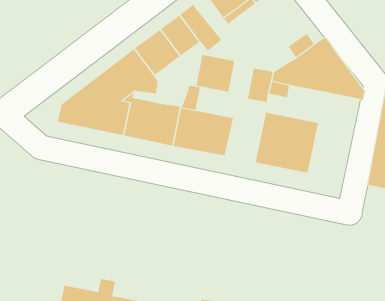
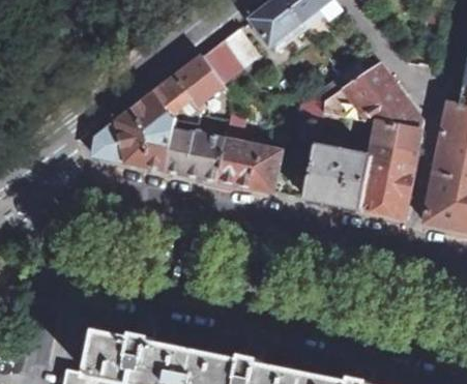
building: [196,54,235,93] -> none
building: none -> [360,123,419,218]

